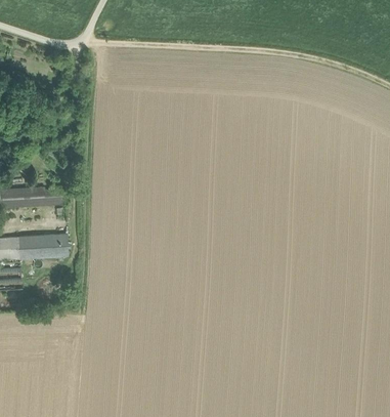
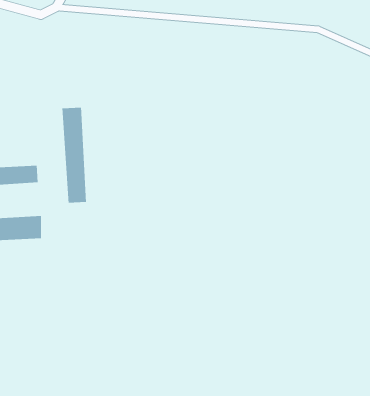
building: none -> [62,107,87,204]

